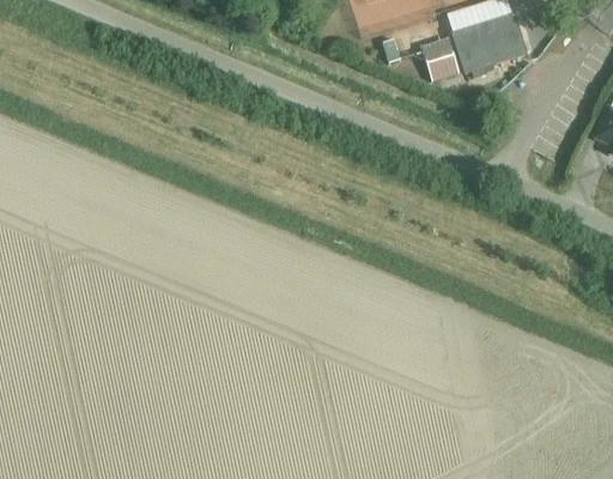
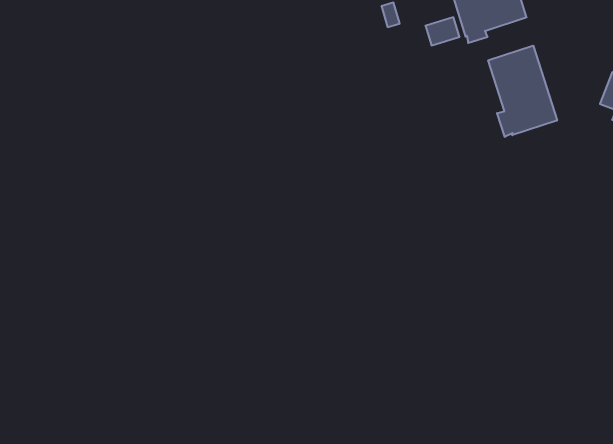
building: none -> [488,46,557,137]

